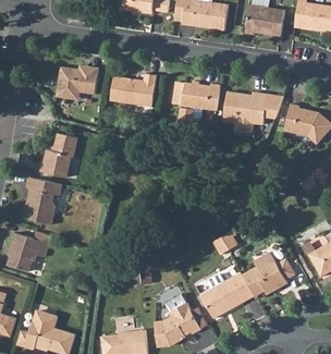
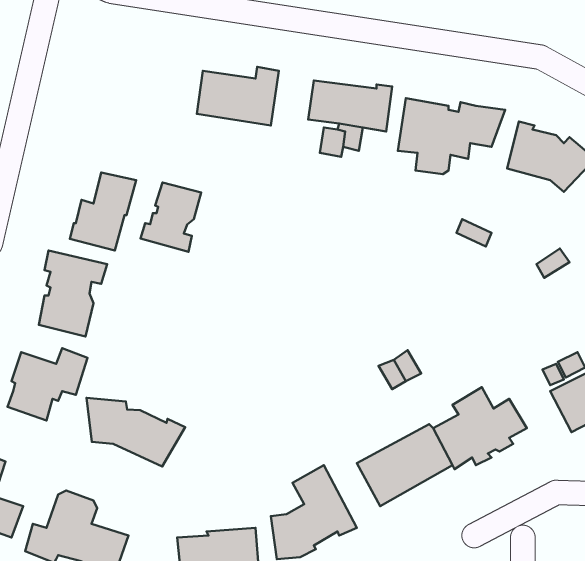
building: [57,66,98,97] -> none
building: none -> [141,183,201,252]
building: none -> [86,398,185,467]

